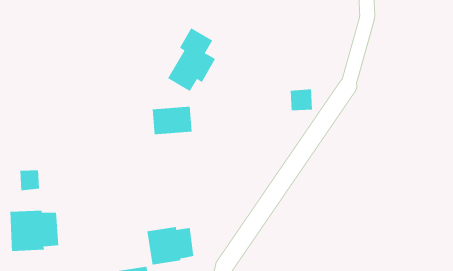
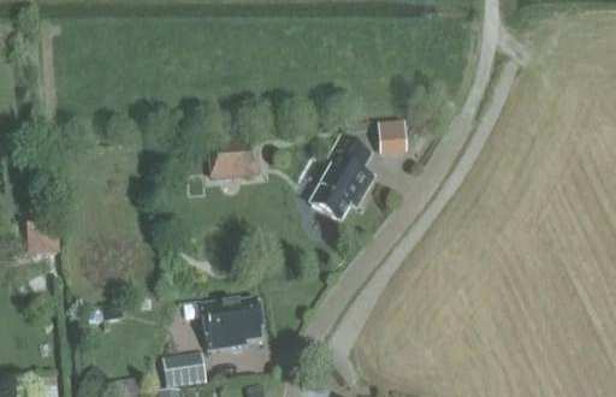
building: [167,28,216,92] -> [309,137,373,221]
building: [10,210,59,252] -> none

